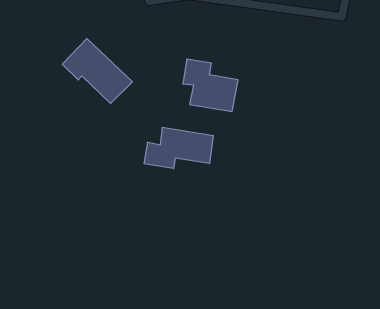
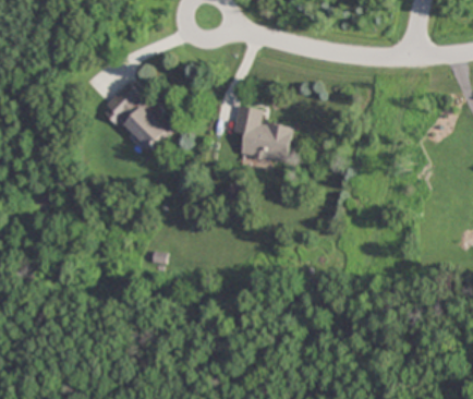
building: [144,127,213,169] -> none

